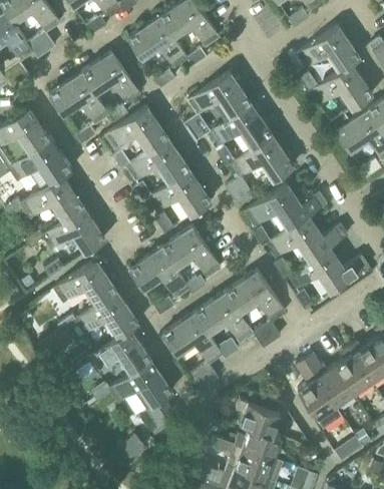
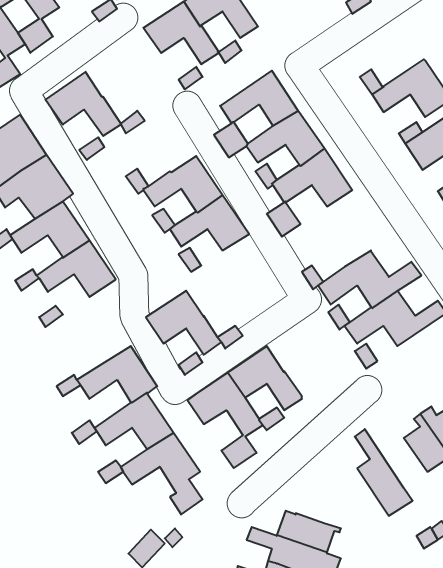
building: [297,26,360,71] -> none
building: [81,52,141,103] -> none
building: [106,108,169,153] -> none
building: [246,183,327,228] -> none
building: [161,225,222,277] -> none
building: [54,261,117,305] -> none
building: [226,271,286,347] -> none
building: [304,352,359,405] -> none
building: [237,399,280,433] -> none

